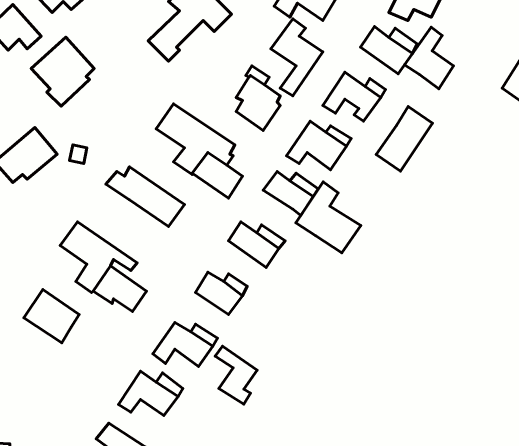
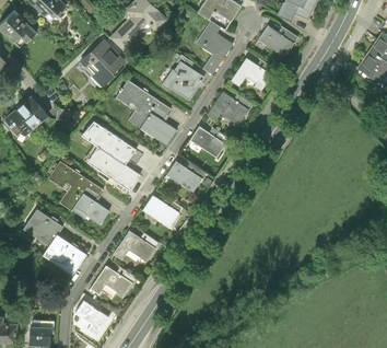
building: [405,27,454,89] -> none
building: [31,37,94,106] -> [81,38,125,86]
building: [376,107,433,171] -> none
building: [296,182,361,253] -> none
building: none -> [90,147,140,192]
building: none -> [44,235,86,275]
building: [215,346,257,404] -> none

